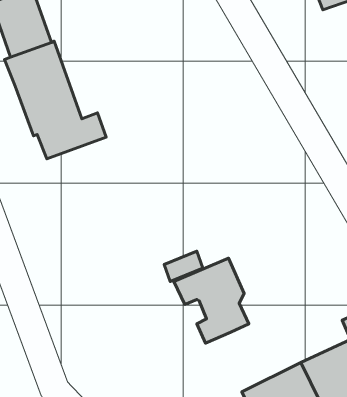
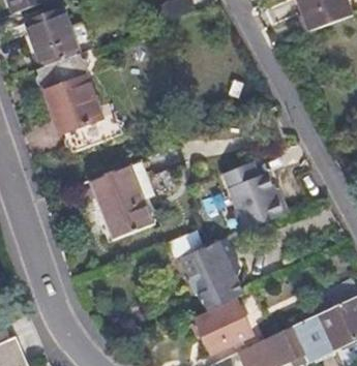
building: none -> [225,161,288,230]
building: none -> [91,165,148,240]
building: none -> [195,301,250,352]

